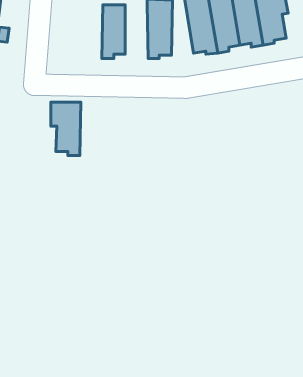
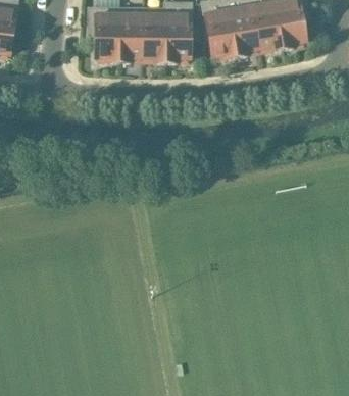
building: none -> [143,9,166,63]
building: [51,102,81,155] -> [90,9,120,63]

